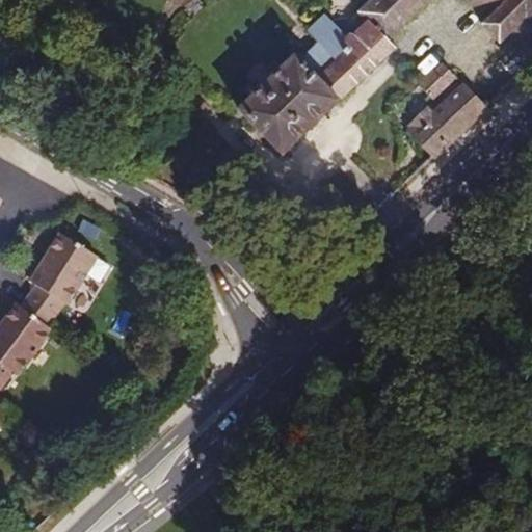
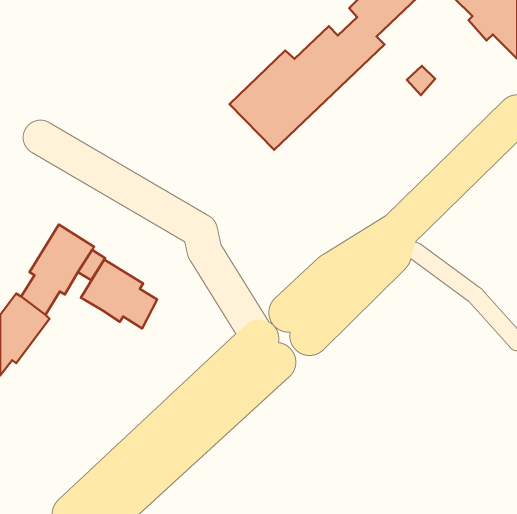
building: [408,82,484,155] -> none
building: none -> [81,259,157,328]

